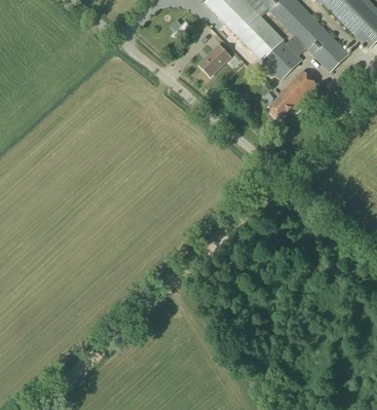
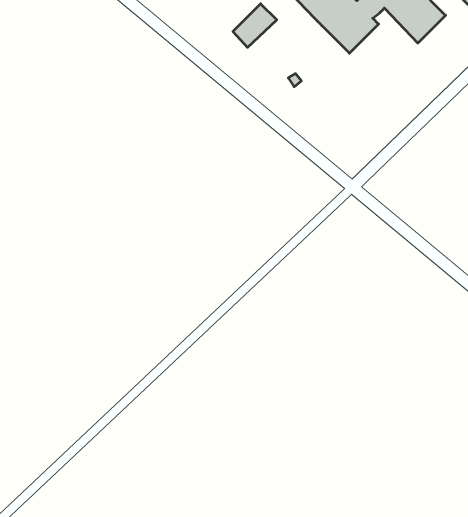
building: [268,69,316,117] -> none

